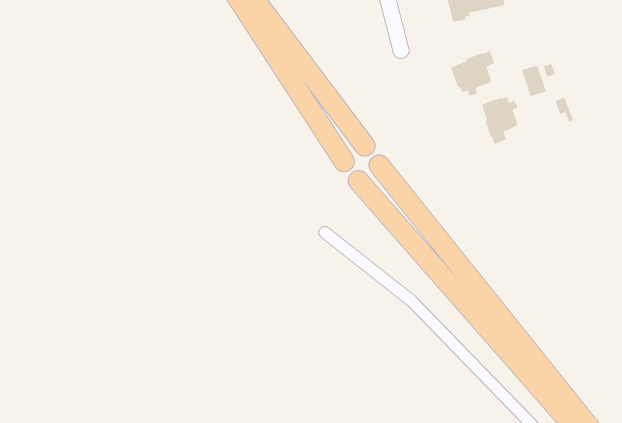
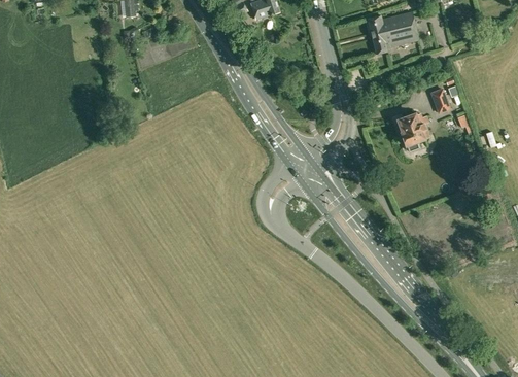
building: [450,50,495,97] -> none

